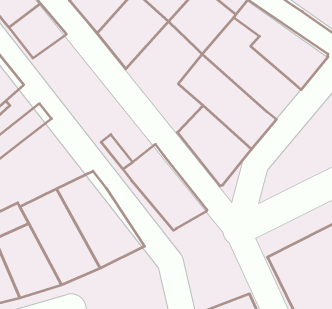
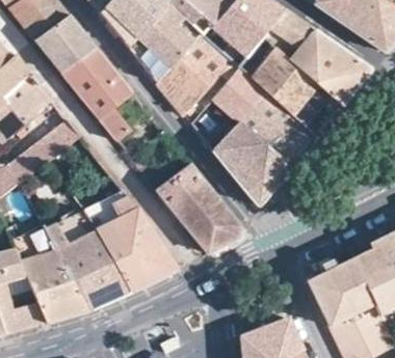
building: none -> [157,33,231,116]
building: none -> [237,37,332,128]
building: none -> [59,47,132,141]

